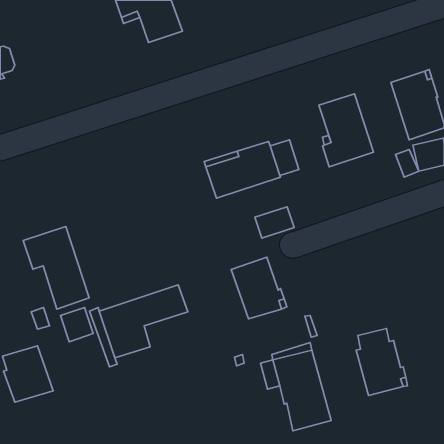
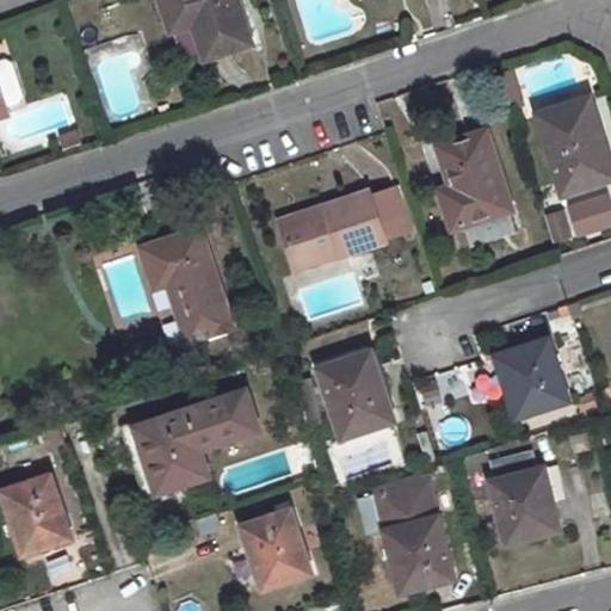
building: [255,207,294,238] -> none
building: [23,227,89,309] -> [142,229,233,342]
building: none -> [498,338,568,416]
building: [60,307,93,342] -> none
building: none -> [243,508,311,588]

